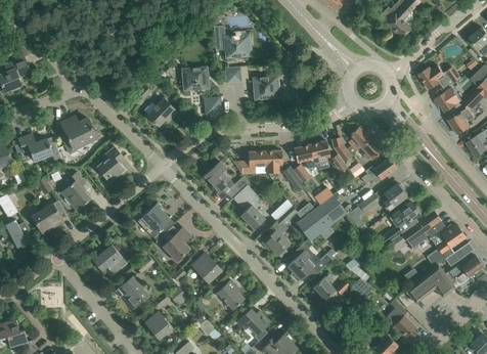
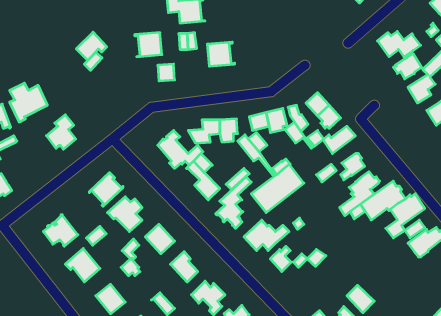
building: [147,98,177,126] -> [76,32,107,61]
building: [61,172,91,211] -> none
building: [405,264,455,302] -> none

